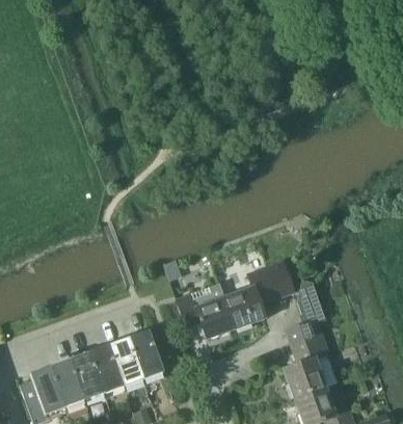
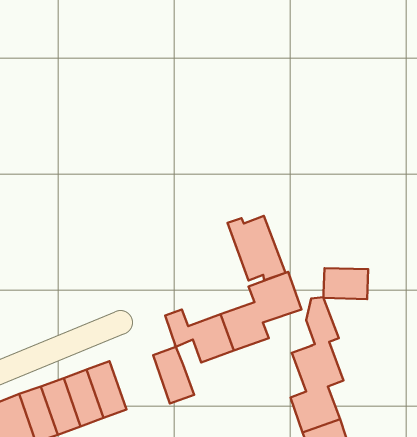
building: none -> [228,216,286,281]
building: none -> [323,268,368,299]
building: [129,330,164,379] -> [153,347,194,403]

